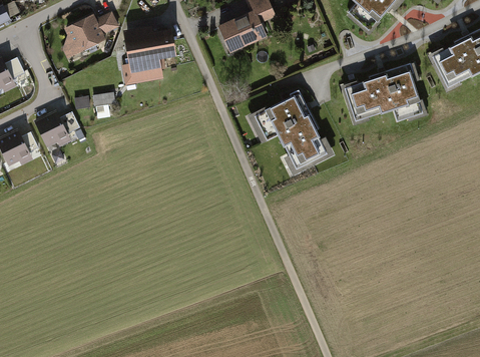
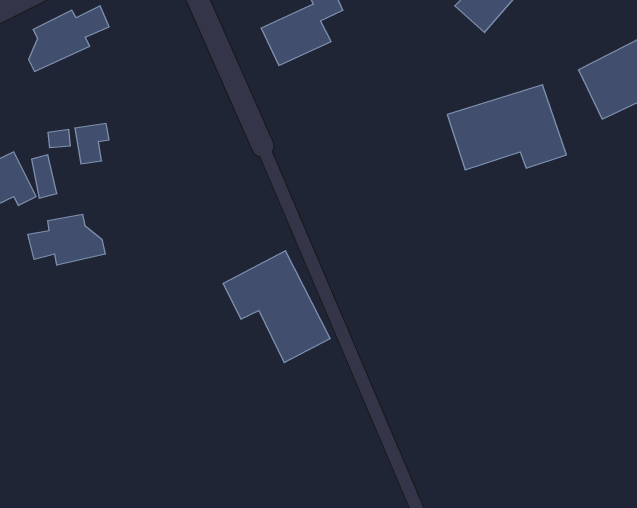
building: [124,29,174,83] -> none
building: [255,93,327,168] -> [223,251,330,363]
building: none -> [28,214,105,265]

